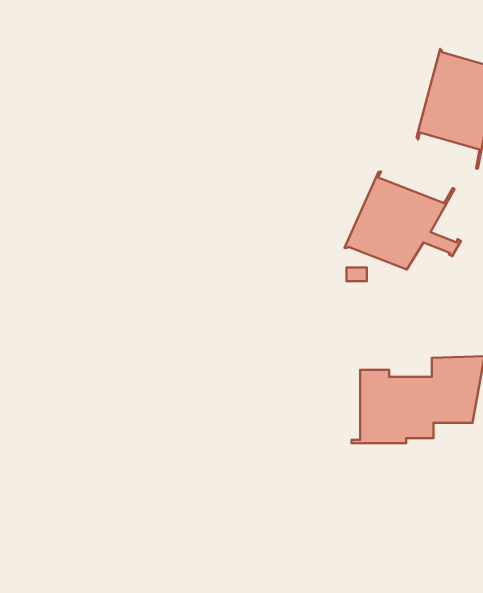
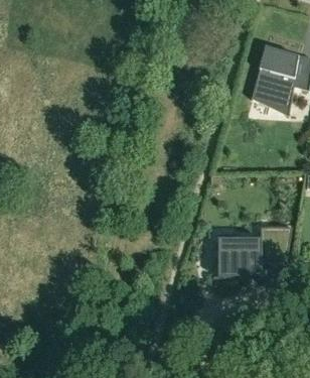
building: [345,172,461,269] -> none

